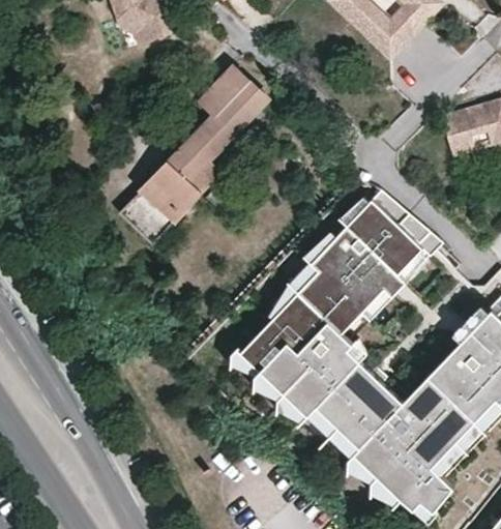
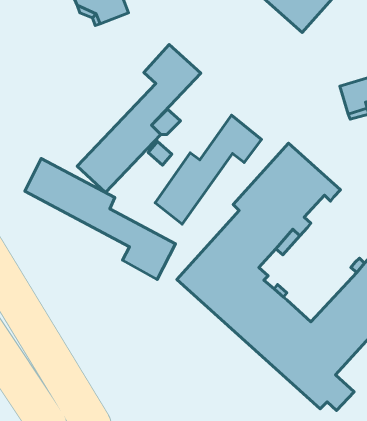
building: none -> [155,115,261,224]
building: none -> [25,159,176,280]

